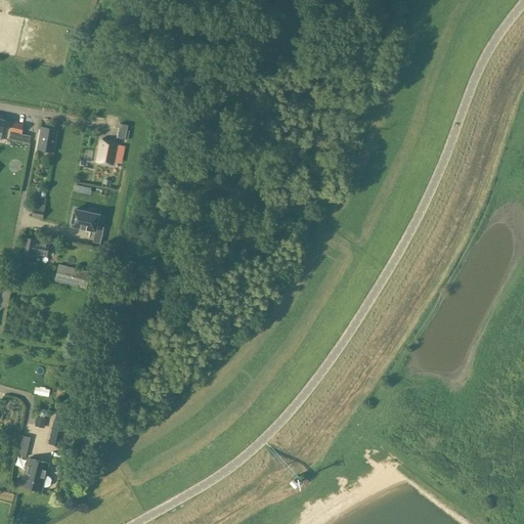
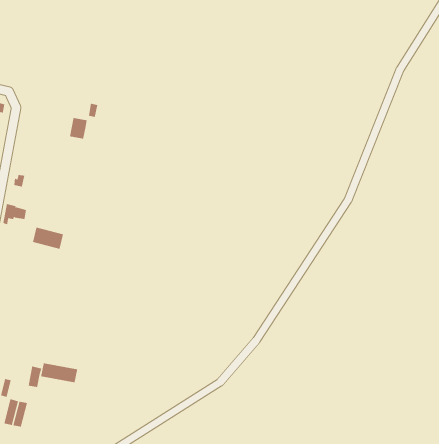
building: [37,126,57,151] -> none
building: [71,210,103,244] -> none
building: none -> [40,362,78,383]

